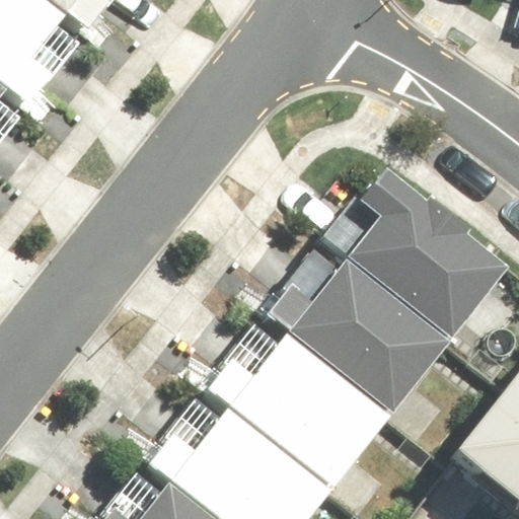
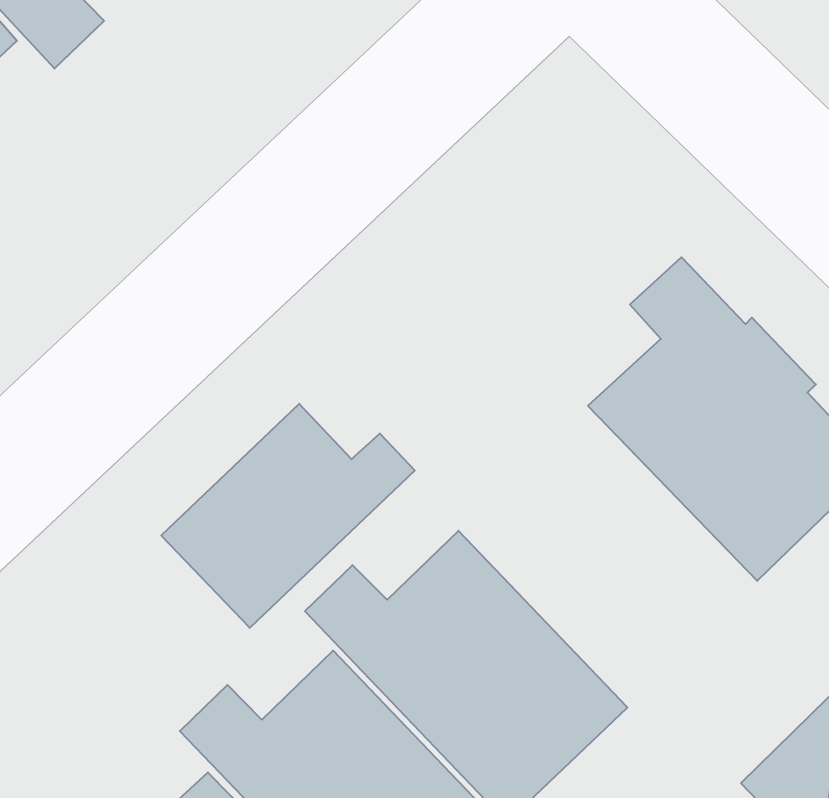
building: [268,256,450,411] -> none
building: none -> [161,404,415,628]

